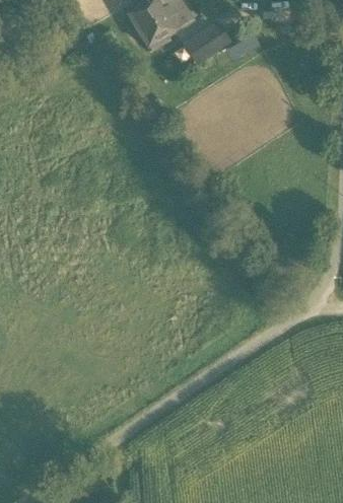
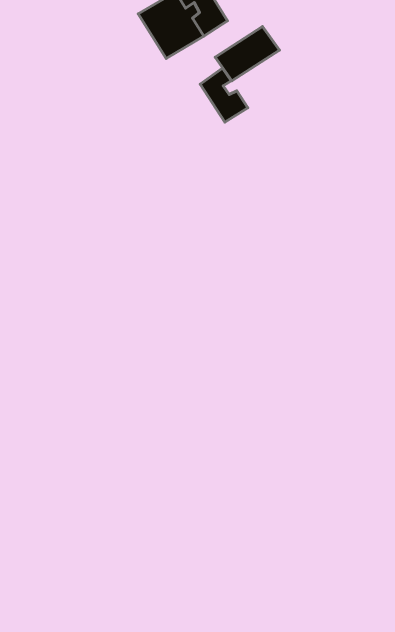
building: none -> [200,68,248,122]

